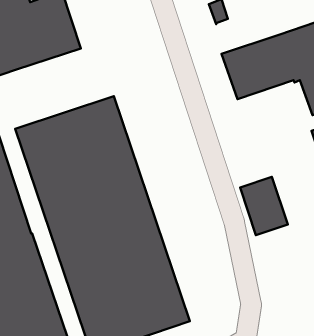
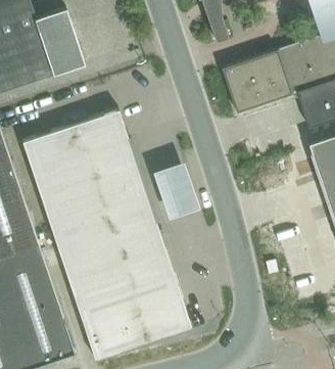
building: [240,177,288,235] -> [156,169,202,225]

